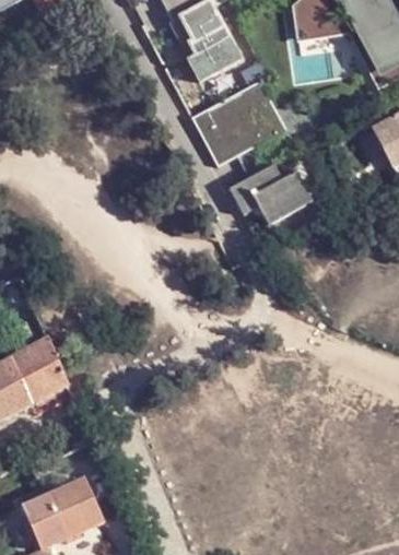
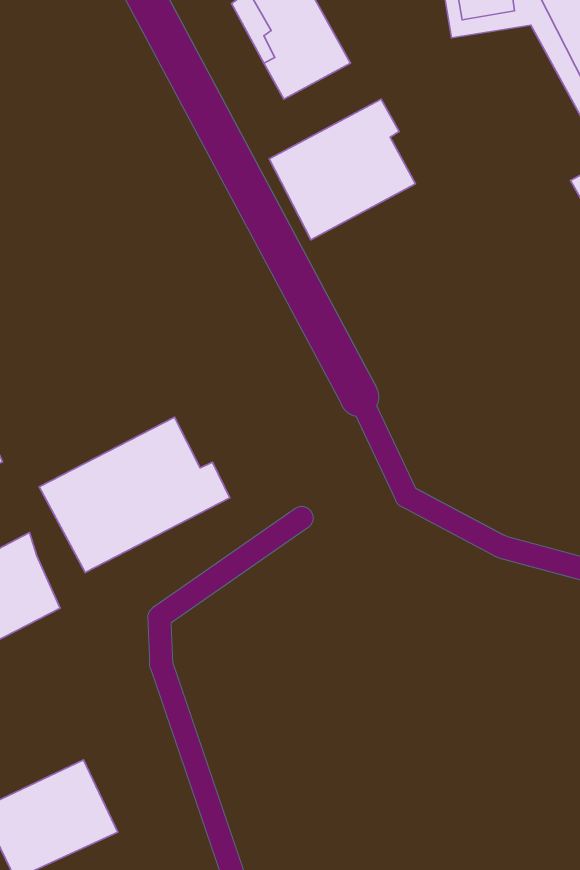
building: [231,163,310,226] -> none
building: none -> [39,417,230,572]

